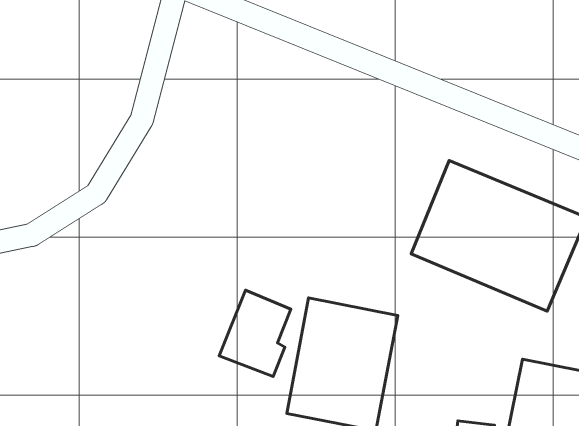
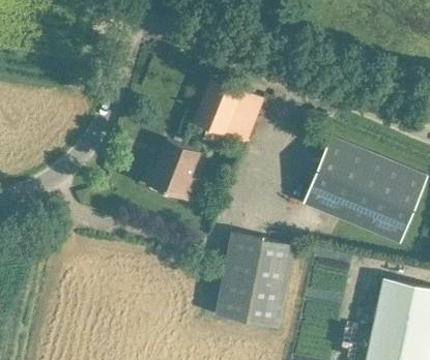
building: none -> [194,79,264,144]
building: [219,290,291,376] -> [149,140,200,201]

